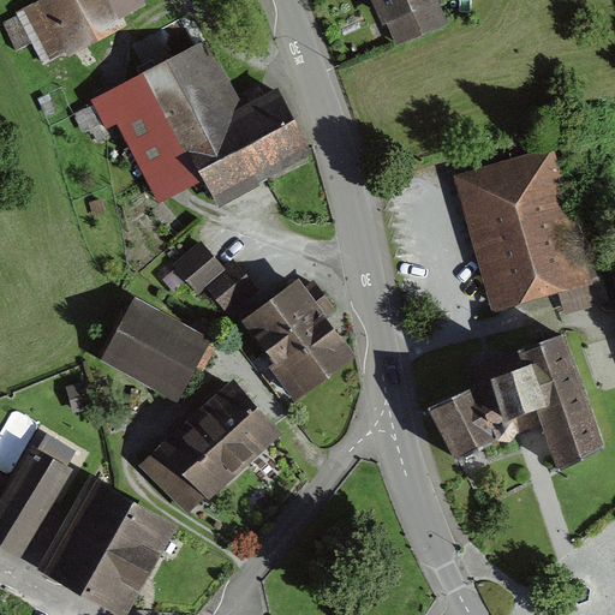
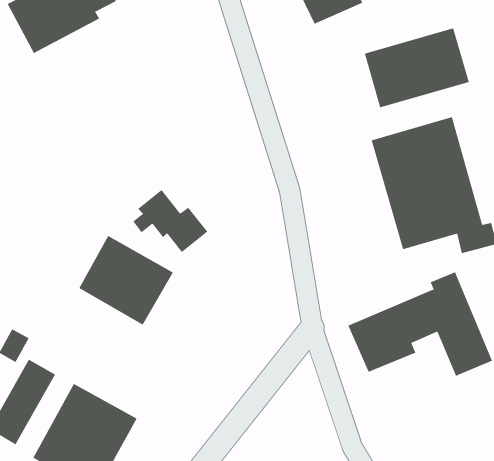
building: [100,35,310,198] -> none
building: none -> [364,27,469,108]
building: [244,281,356,405] -> none
building: [142,382,275,509] -> none

